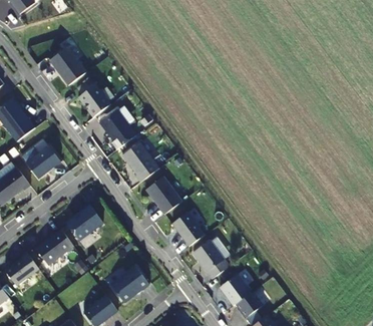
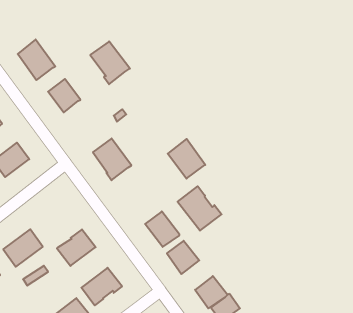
building: [98,108,136,149] -> [90,41,130,84]
building: [145,176,181,214] -> [168,139,205,179]
building: none -> [178,186,222,231]
building: [65,205,102,240] -> [57,229,96,266]

